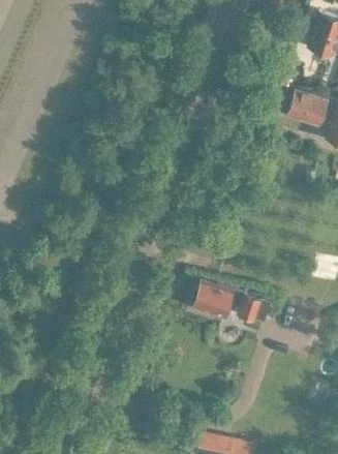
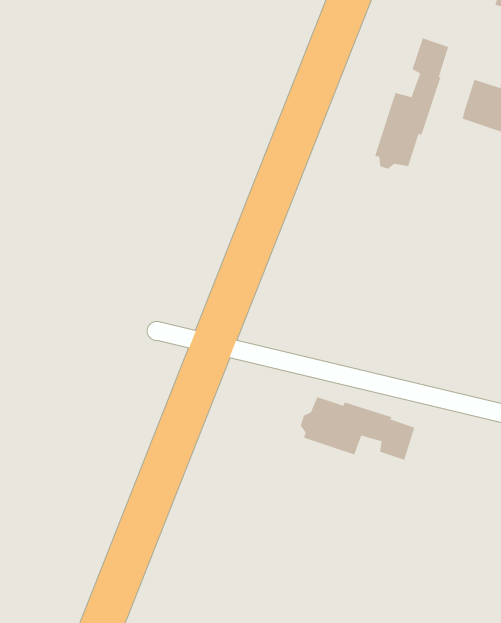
building: none -> [374,37,449,170]

